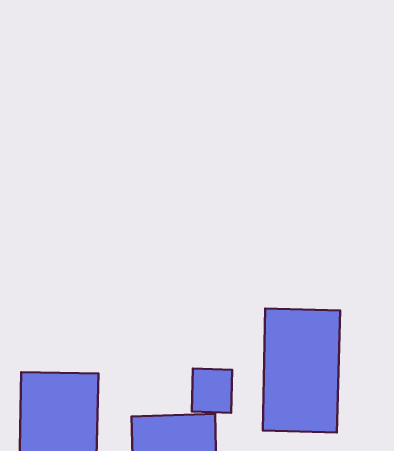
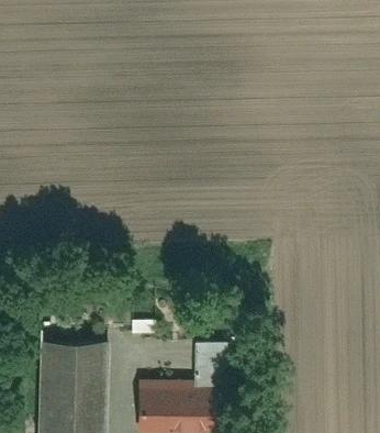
building: [263,308,340,433] -> none

